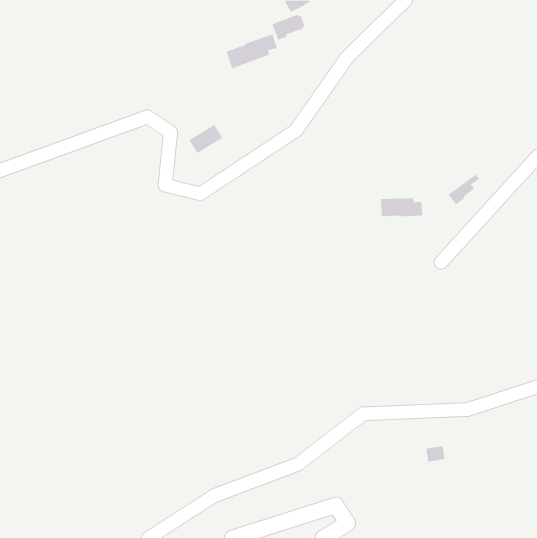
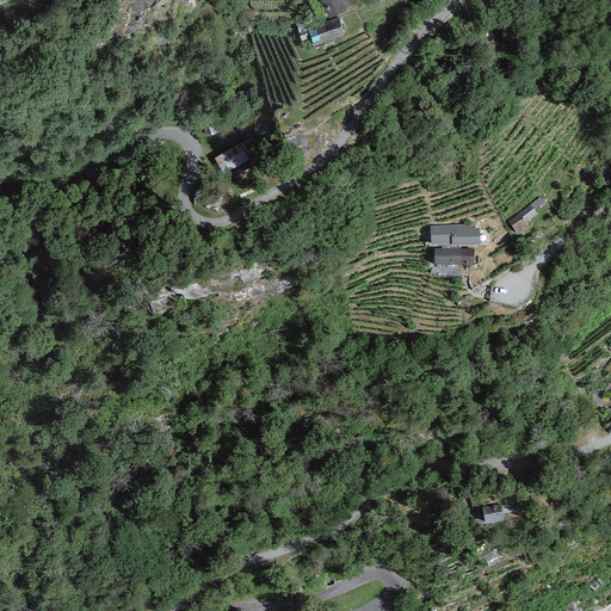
building: [226,33,277,69] -> none
building: none -> [434,248,475,265]

